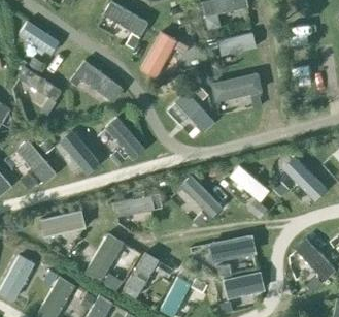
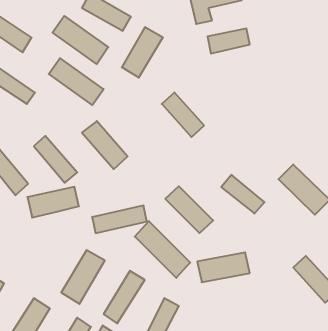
building: none -> [53,16,108,64]
building: [210,73,263,101] -> none
building: none -> [135,221,190,278]
building: [39,211,86,239] -> [27,187,79,218]
building: [223,271,266,300] -> none

